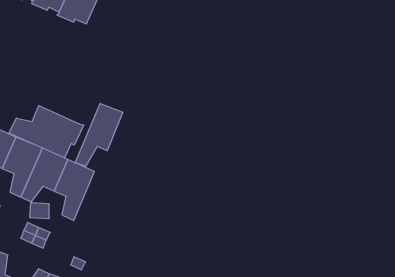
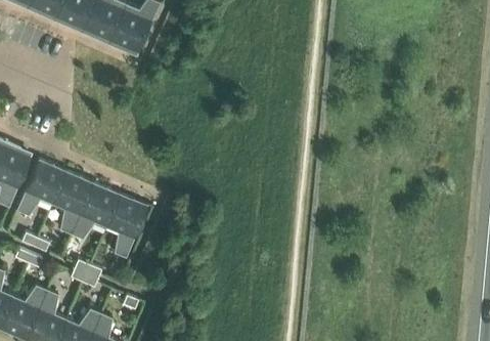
building: [75,103,123,166] -> none
building: [9,106,84,158] -> none

